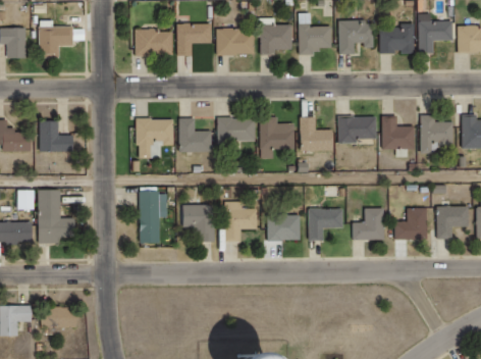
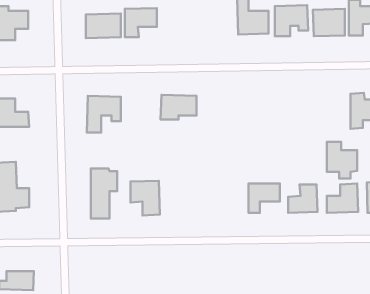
building: [260,20,291,51] -> none
building: [215,29,255,54] -> none
building: [336,115,376,140] -> none
building: [298,116,332,150] -> none
building: [381,116,414,156] -> [327,142,357,179]
building: [177,117,210,151] -> none
building: [258,117,292,158] -> none
building: [225,205,258,248] -> none
building: [267,219,301,244] -> none

